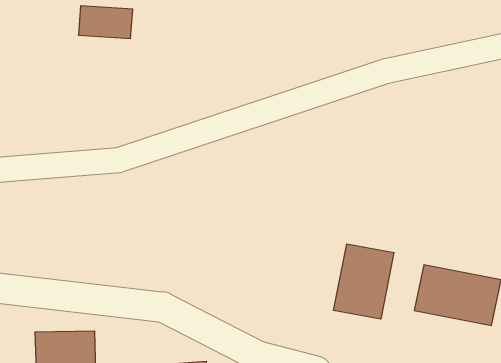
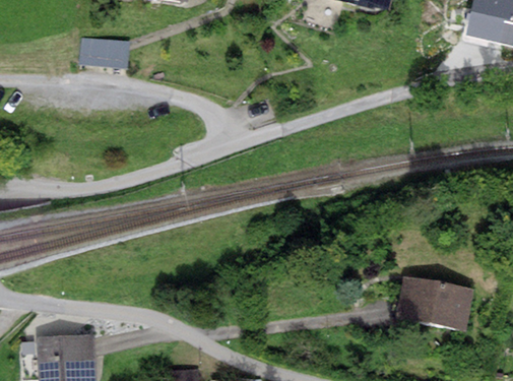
building: [334,244,394,319] -> none

